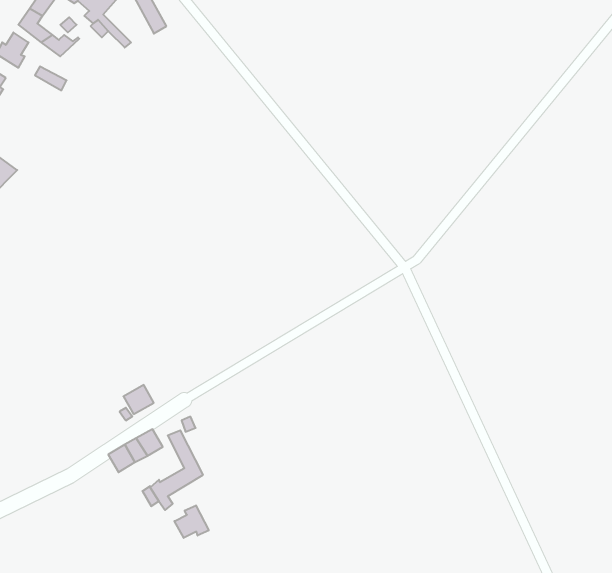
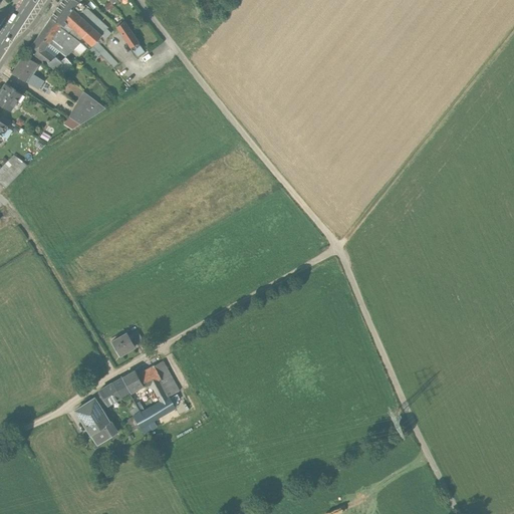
building: none -> [66,90,104,126]
building: none -> [76,399,114,435]
building: [174,505,209,538] -> none

